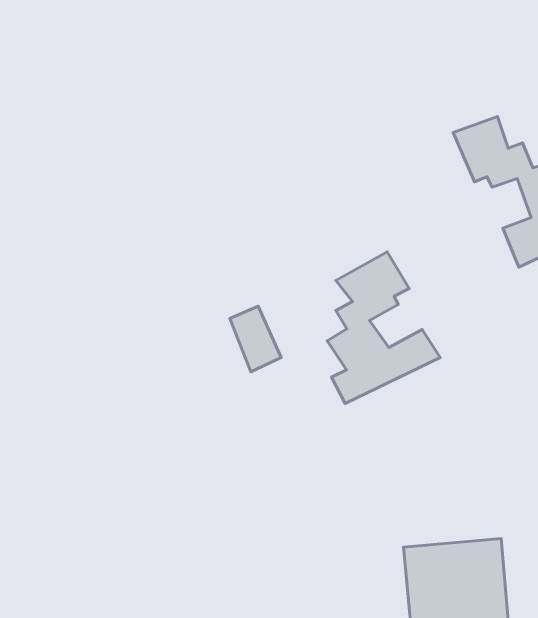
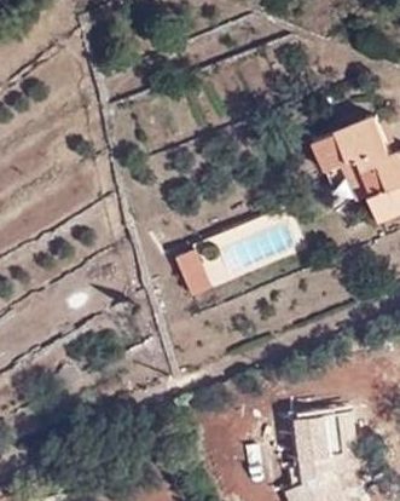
building: [327,252,440,403] -> none

